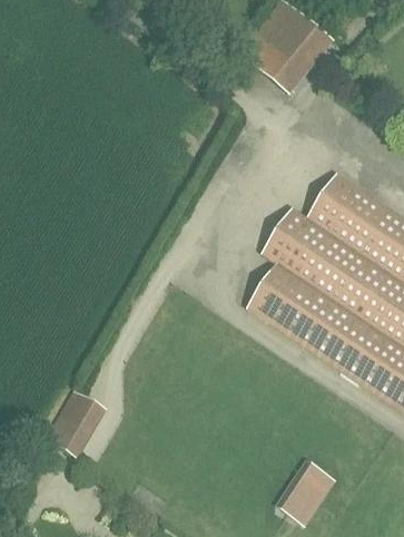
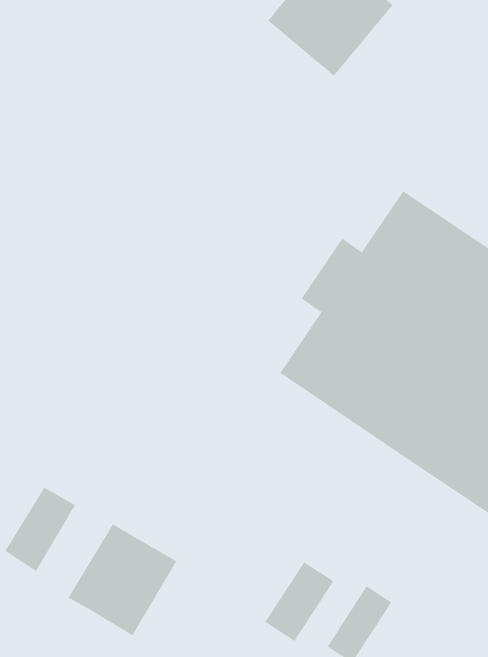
building: none -> [68,523,177,636]
building: none -> [265,561,334,642]

